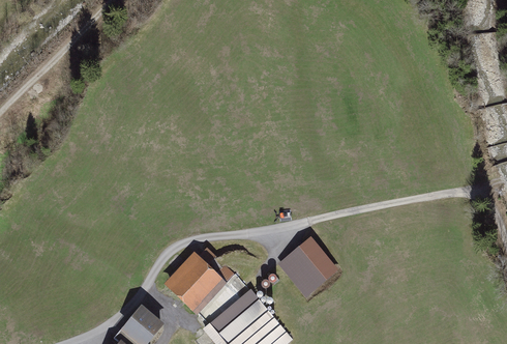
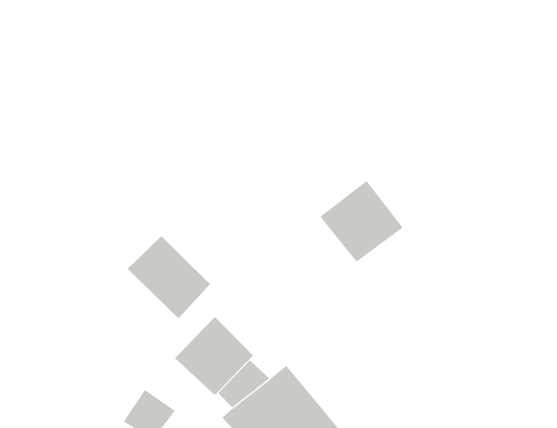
building: none -> [127,235,211,319]
building: [275,235,339,298] -> [320,180,403,263]

